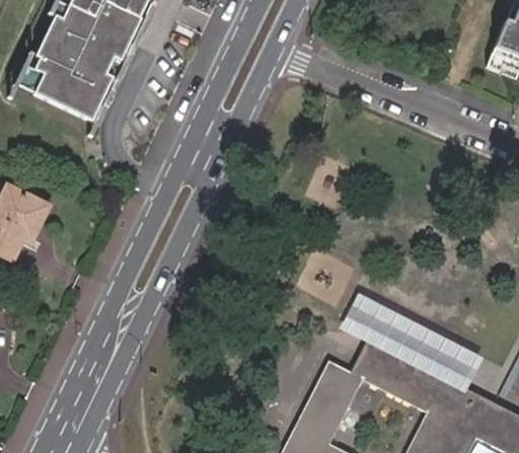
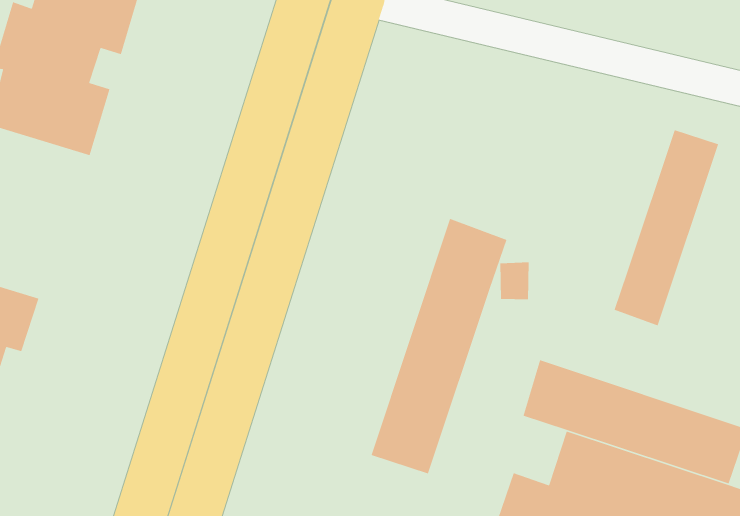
building: none -> [614,129,719,327]
building: none -> [371,218,507,474]

